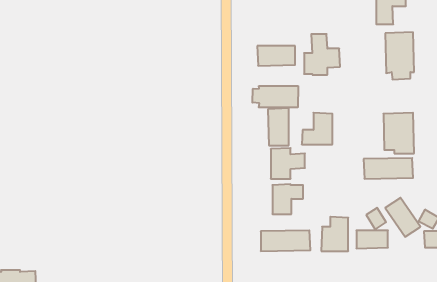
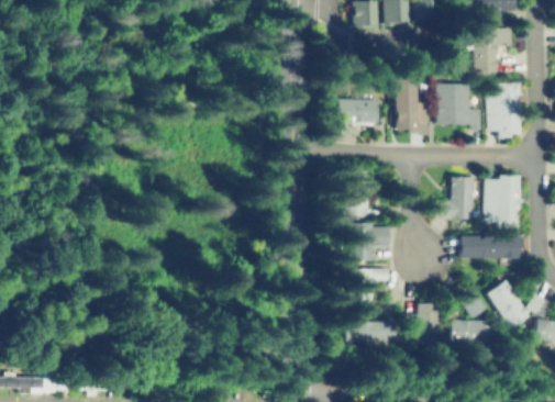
building: none -> [437,87,470,123]
building: [252,86,298,107] -> none
building: [302,113,332,144] -> [435,179,473,217]

